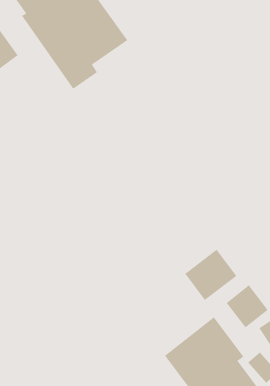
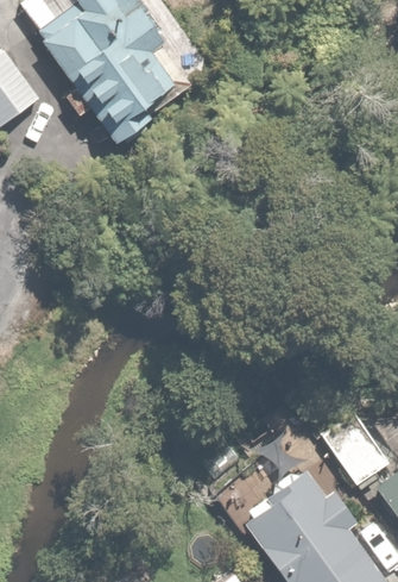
building: [185,249,237,301] -> none

